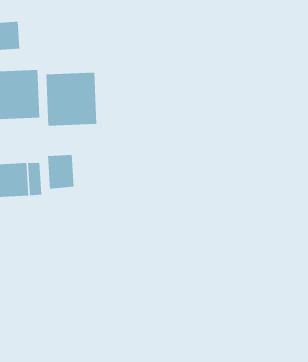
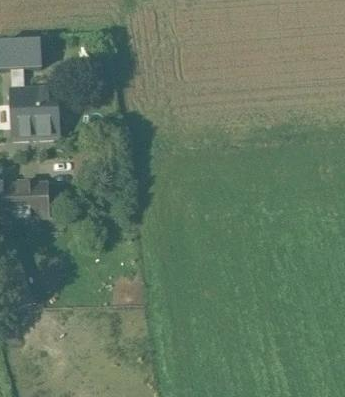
building: [46,72,97,126] -> none
building: [48,154,74,189] -> none

